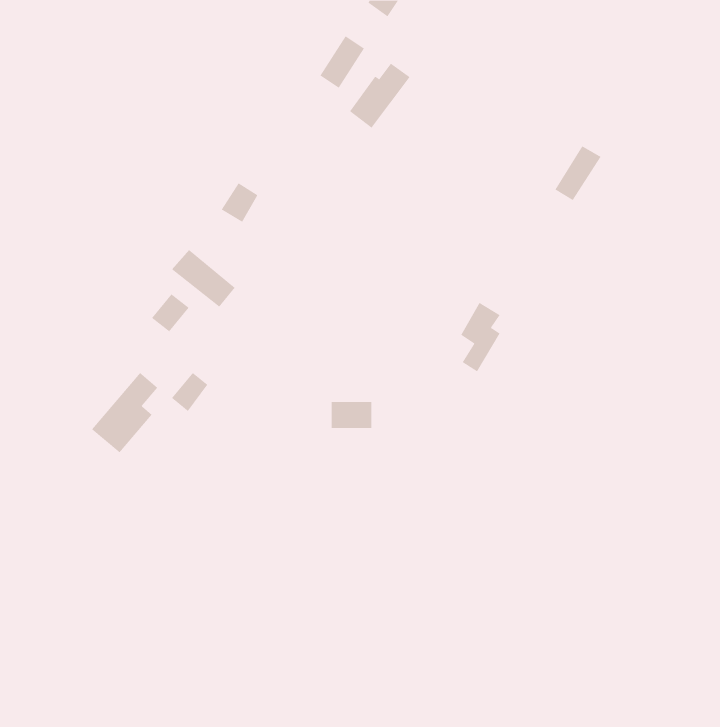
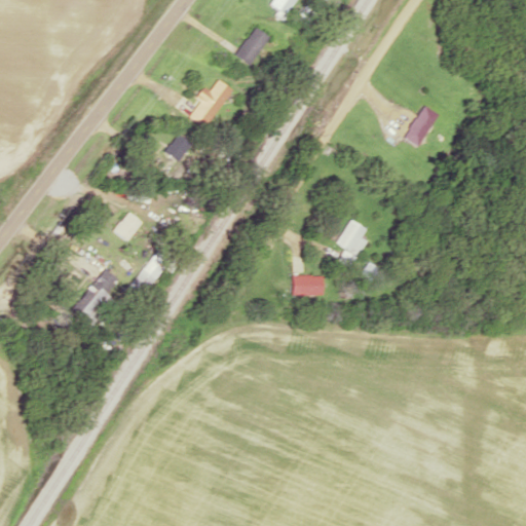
building: [349,63,410,128] -> [189,79,233,126]
building: [171,249,235,307] -> none
building: [331,401,372,428] -> [294,275,324,295]

